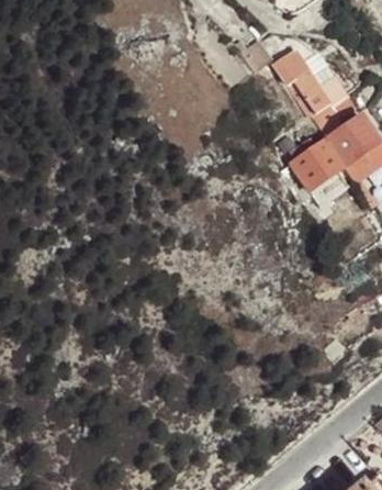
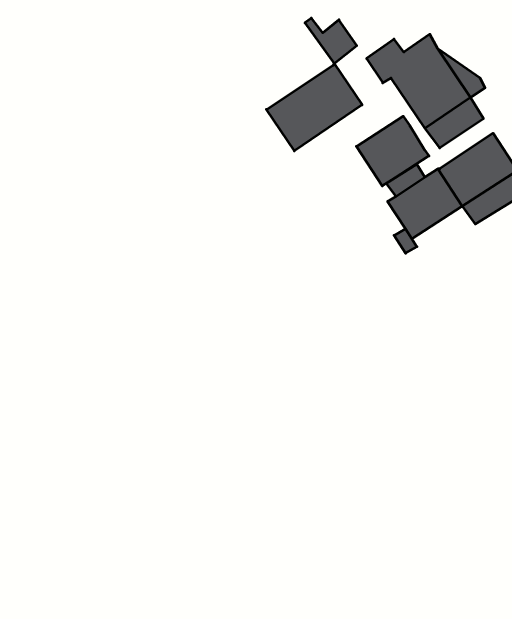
building: none -> [266,63,362,151]
building: none -> [356,116,429,186]

